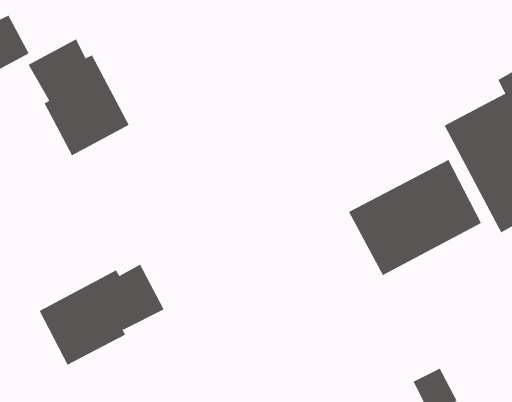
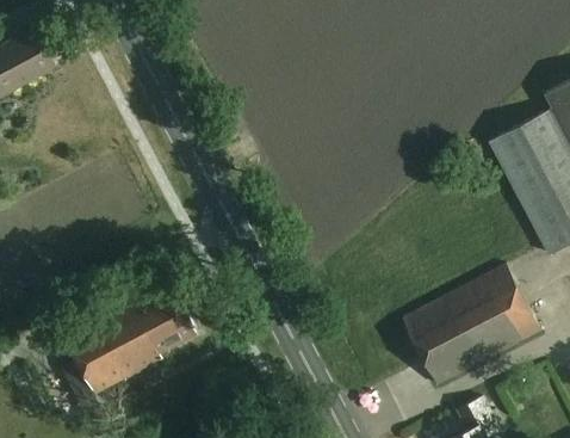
building: [28,39,130,156] -> none
building: [348,159,482,276] -> [402,264,541,385]

